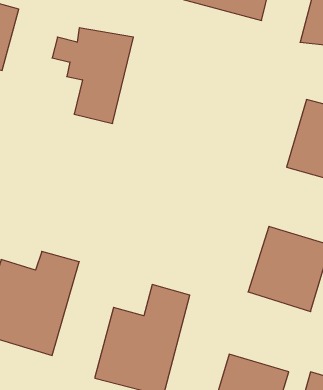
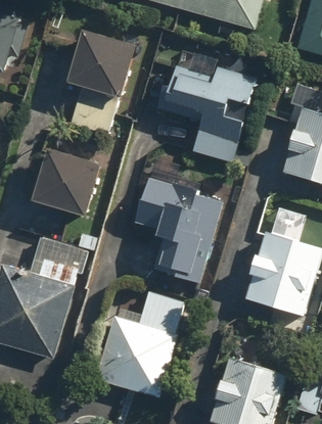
building: none -> [162,65,258,159]
building: none -> [28,147,102,218]
building: none -> [136,173,234,286]

